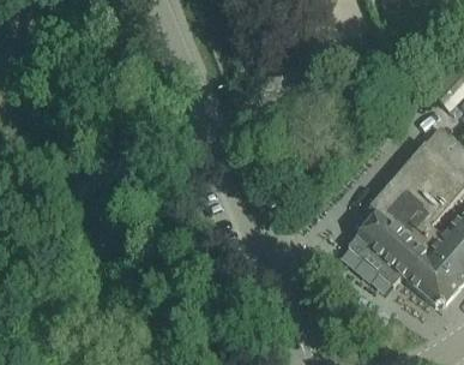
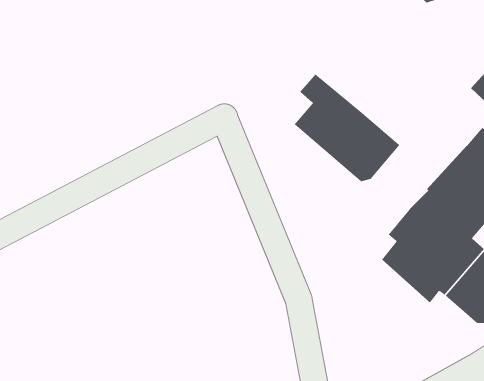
building: none -> [294,74,400,182]

